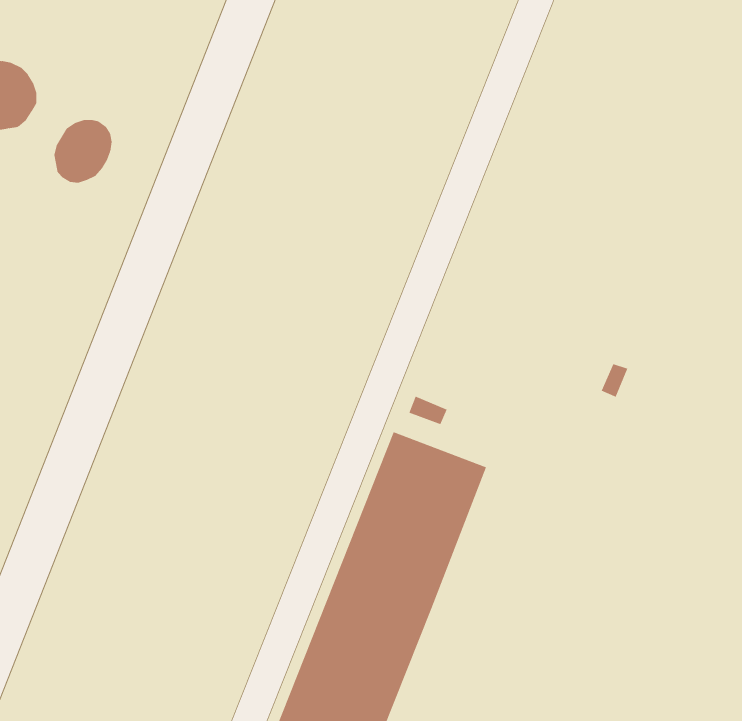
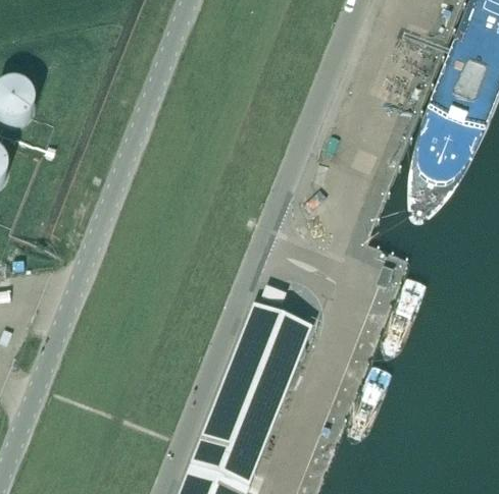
building: [54,119,112,183] -> none

